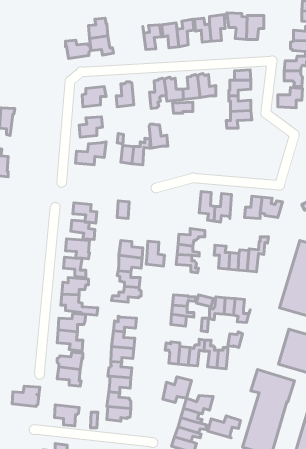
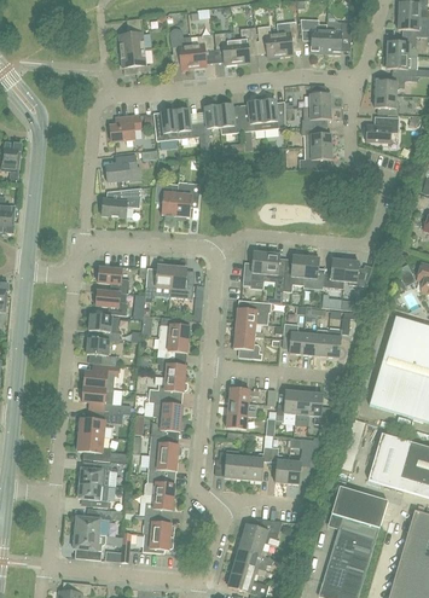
building: none -> [170,28,193,66]
building: [65,40,90,59] -> none
building: [149,124,168,148] -> [175,106,199,138]
building: none -> [243,250,266,288]
building: none -> [303,255,324,288]
building: [146,241,165,266] -> [169,265,193,297]
building: none -> [149,394,182,417]
building: [163,377,192,402] -> none
building: [12,386,40,406] -> [75,507,111,534]
building: [208,416,240,438] -> none

